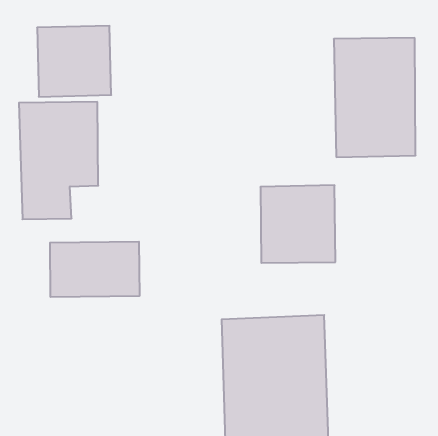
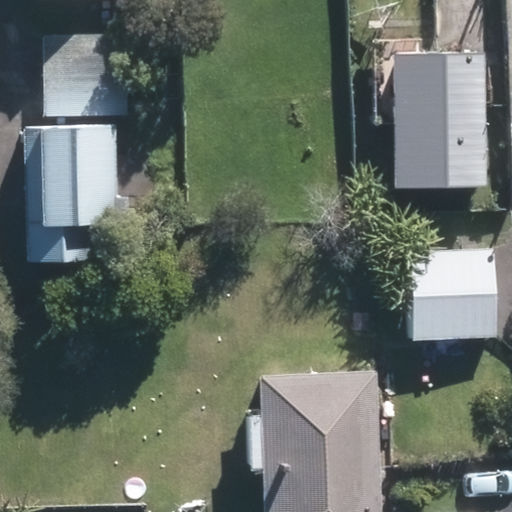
building: [260,185,335,263] -> [412,250,499,340]
building: [50,242,139,297] -> none

